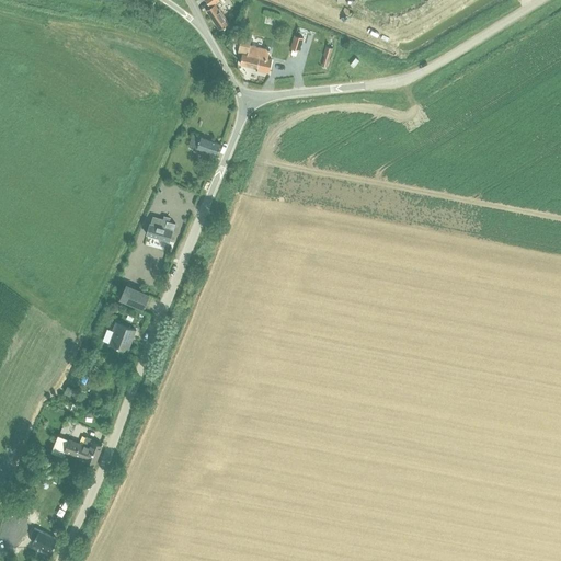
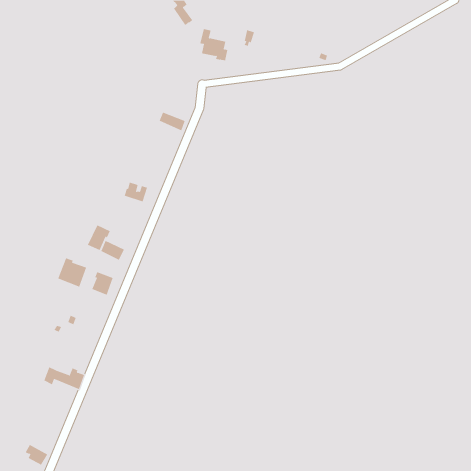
building: none -> [87,224,110,251]
building: none -> [58,257,87,288]

